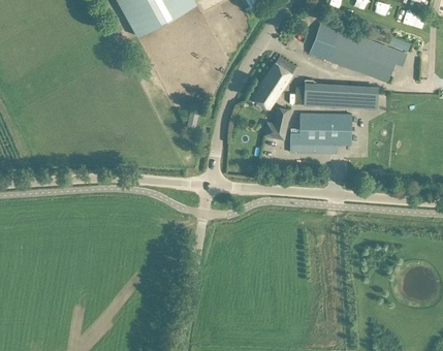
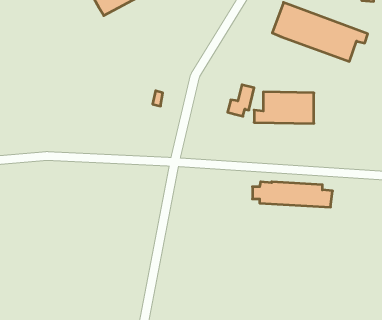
building: [251,56,294,108] -> none
building: [295,82,377,107] -> [252,182,333,207]

